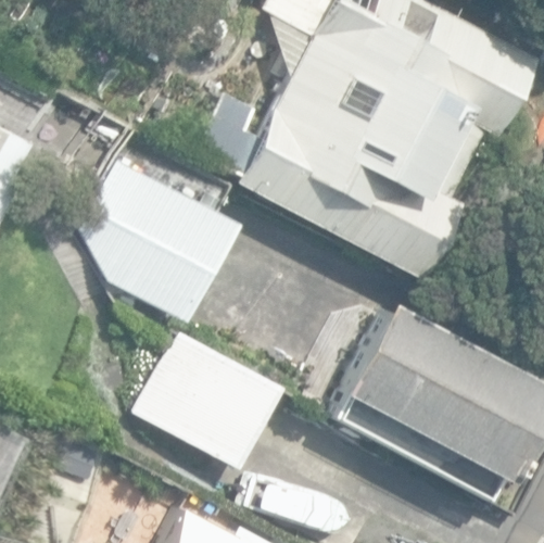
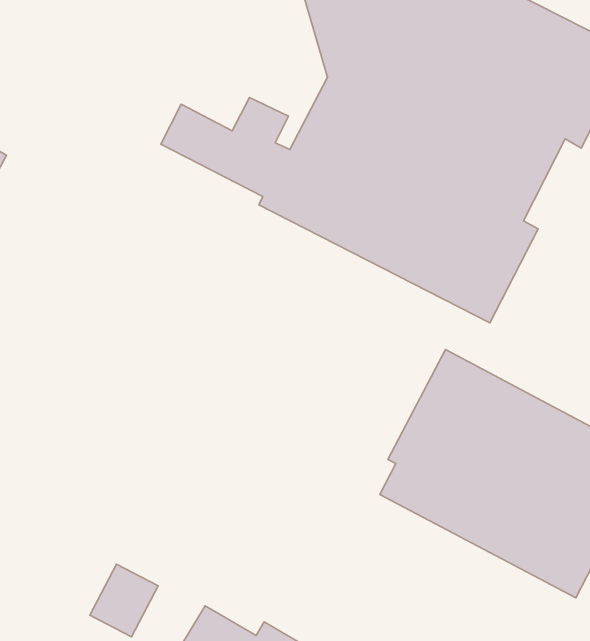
building: [83,154,236,326] -> none
building: [139,331,287,469] -> none

